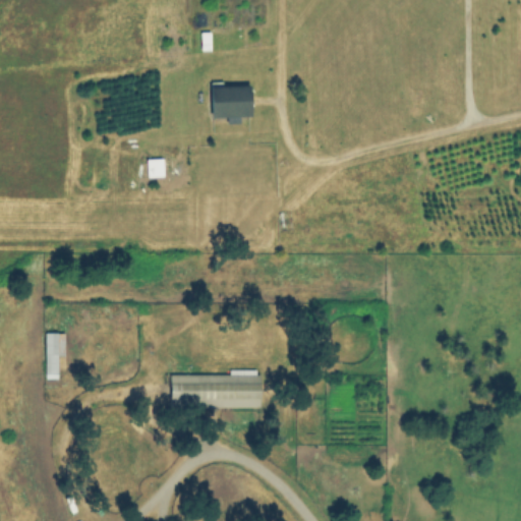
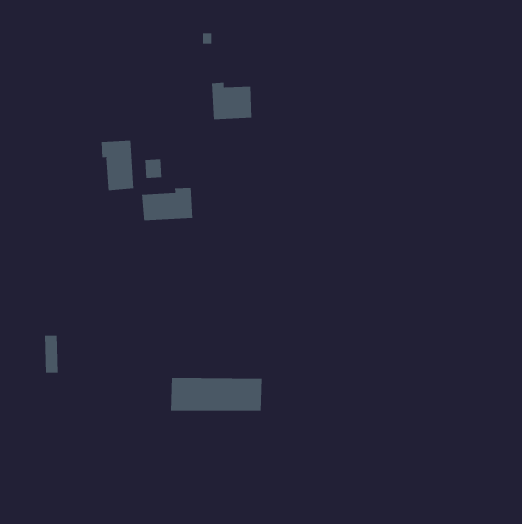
building: none -> [101,140,134,191]
building: none -> [142,187,193,221]

